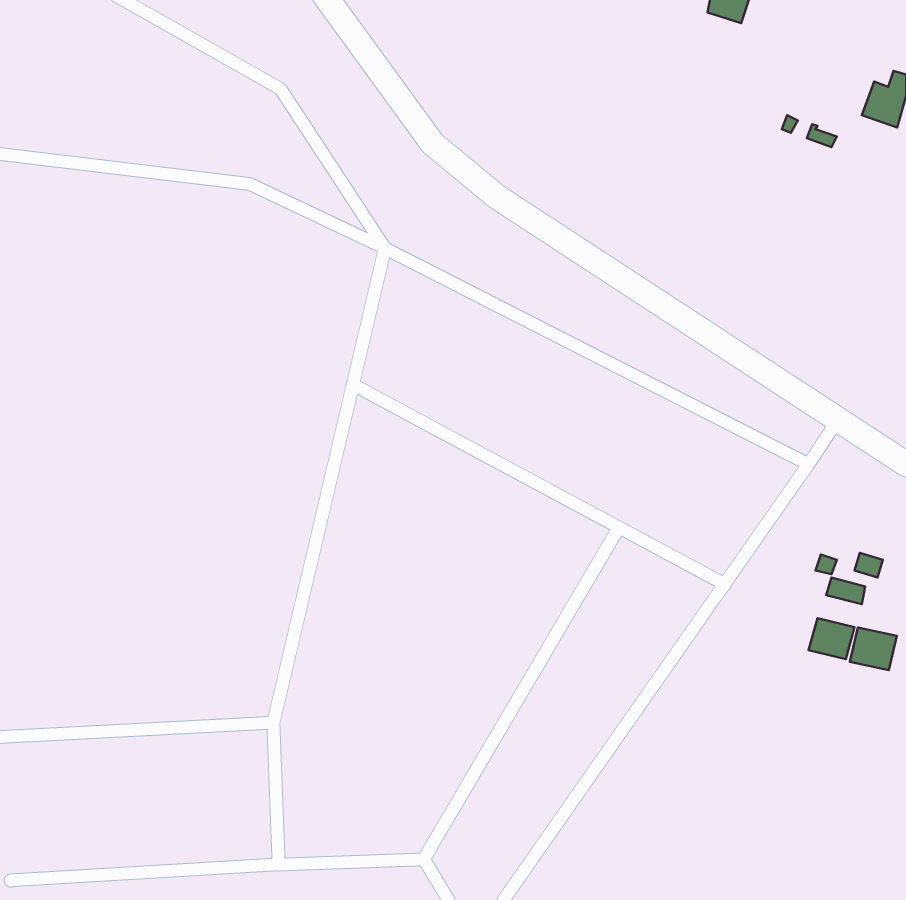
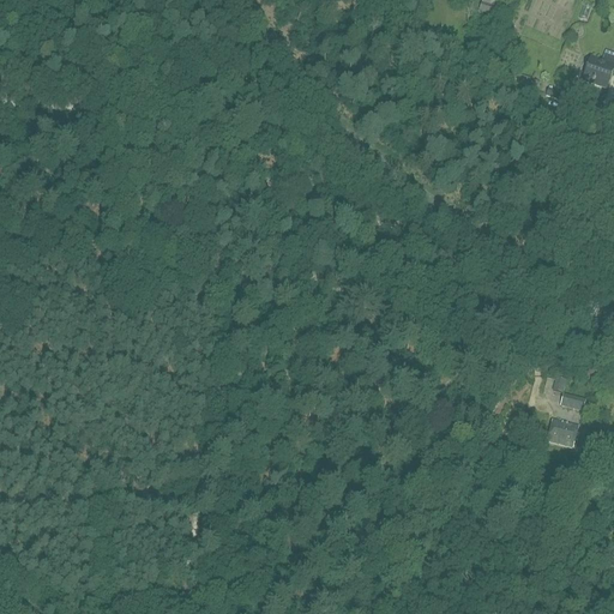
building: [850,628,897,670] -> none

